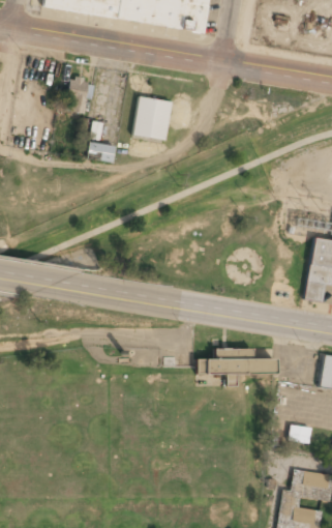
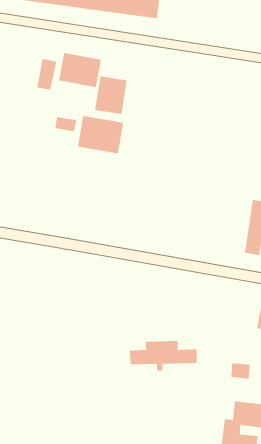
building: none -> [58,52,102,88]
building: none -> [77,115,124,154]
building: [197,347,275,382] -> [129,341,198,371]

